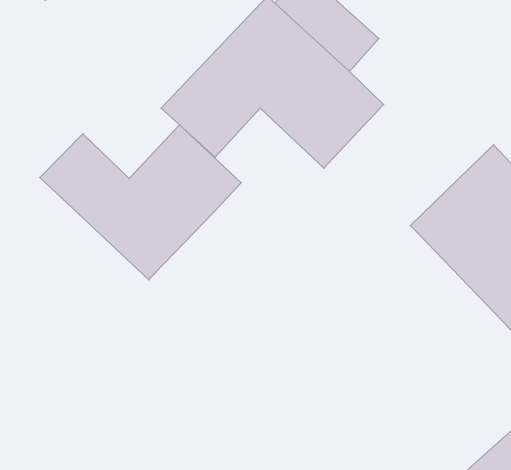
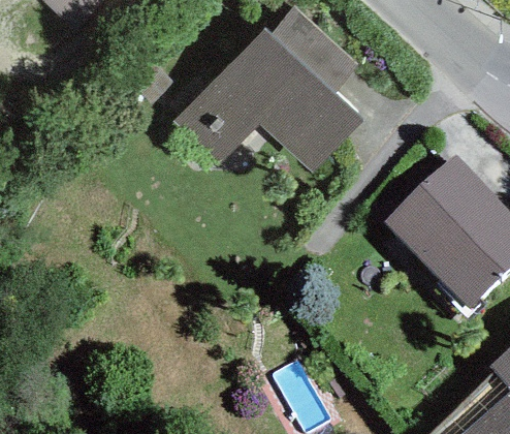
building: [40,125,241,280] -> none

